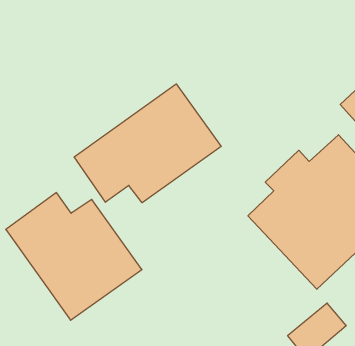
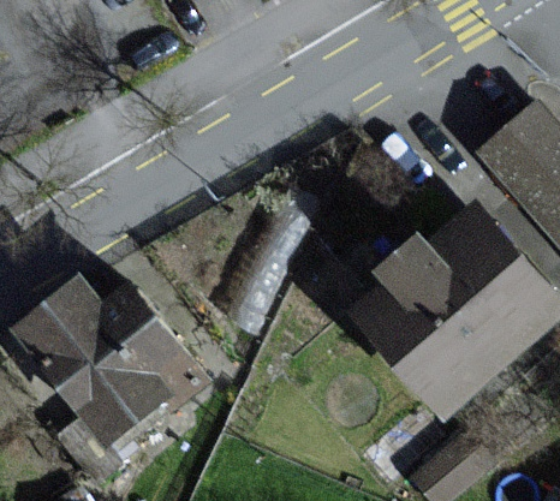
building: [74,84,221,203] -> none

